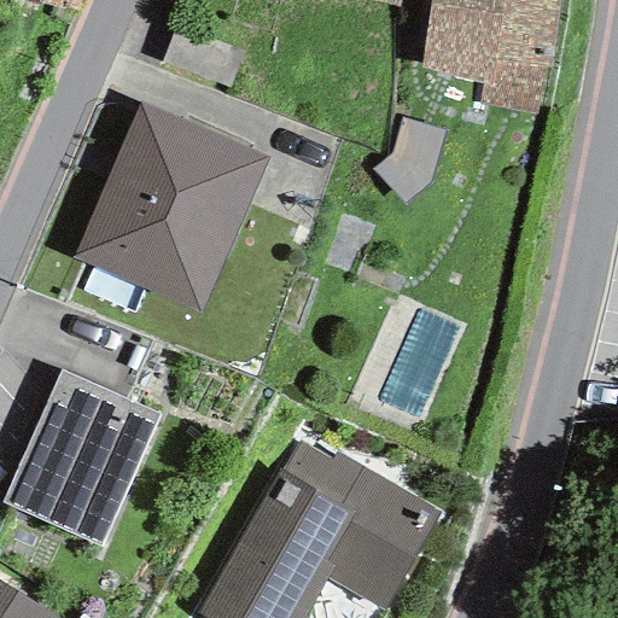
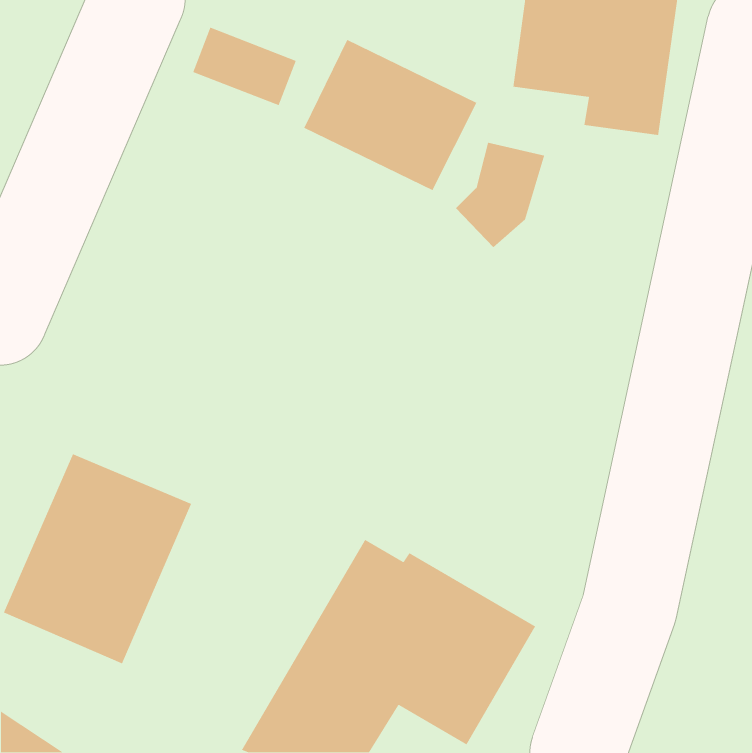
building: none -> [303,39,477,191]
building: [74,100,270,313] -> none

